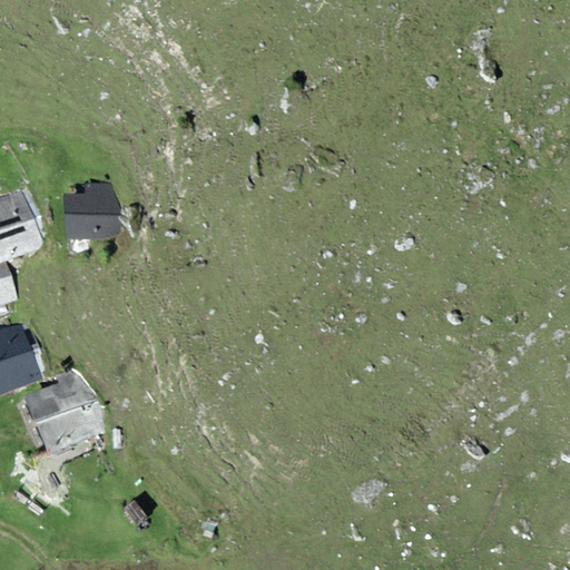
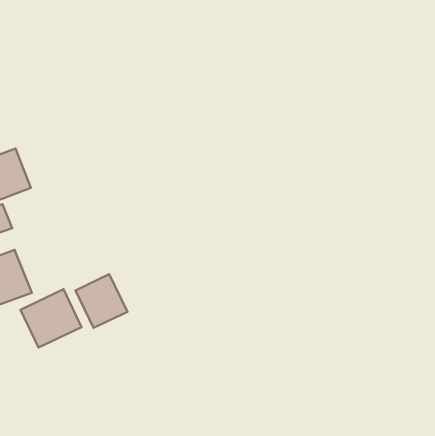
building: [66,180,117,239] -> none
building: none -> [76,274,127,328]

